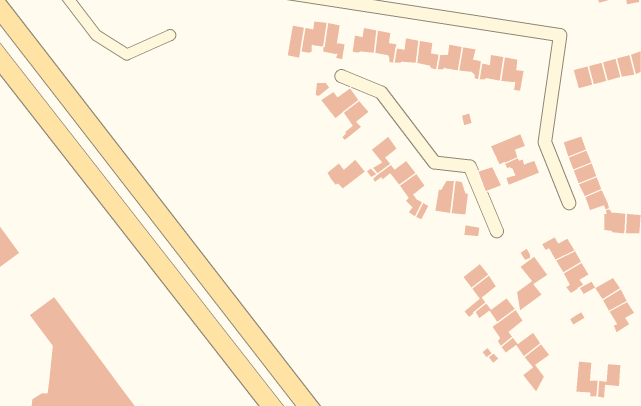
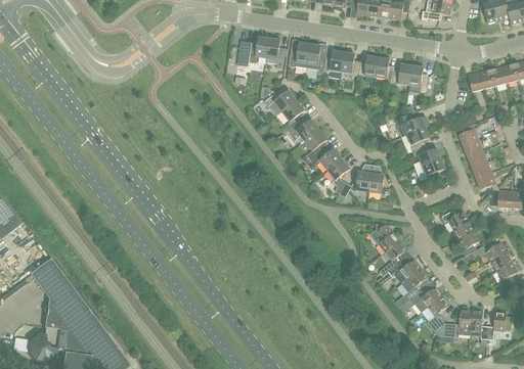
building: none -> [394,112,428,136]
building: [326,159,366,189] -> [287,118,318,142]
building: none -> [414,157,444,183]
building: [517,256,548,312] -> none
building: none -> [437,308,471,335]

